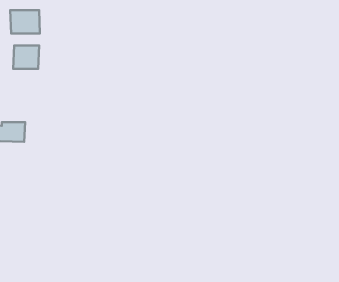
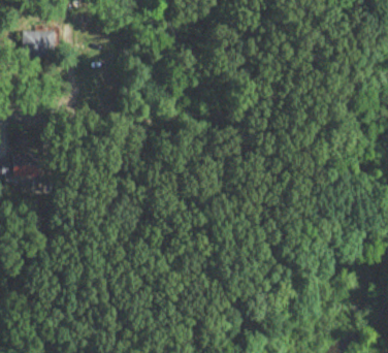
building: [13,46,39,69] -> none

